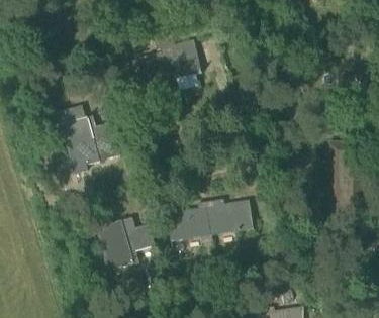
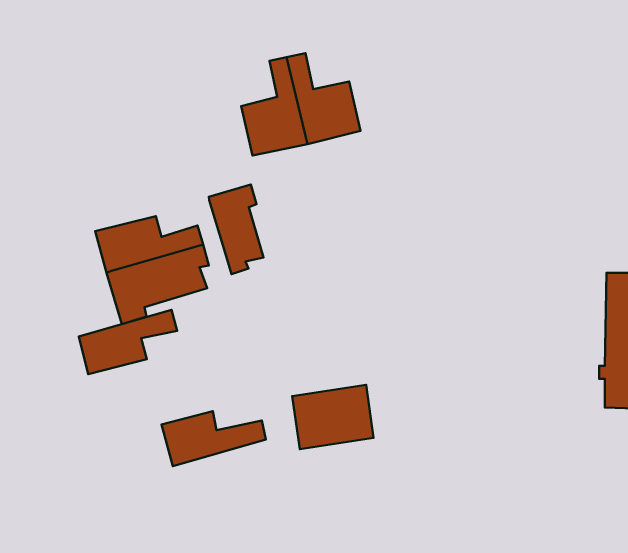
building: none -> [209,184,263,274]
building: [204,200,253,234] -> none
building: [101,235,154,270] -> [79,310,177,374]

